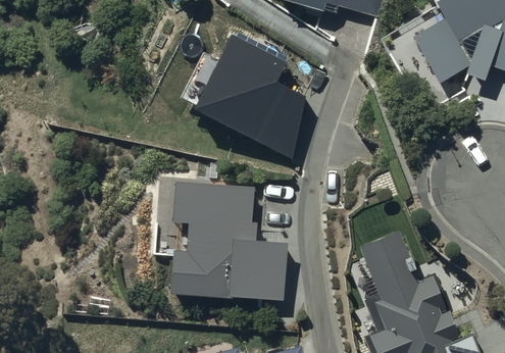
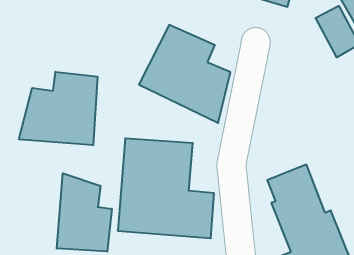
building: none -> [19,72,97,145]
building: none -> [57,173,112,252]

